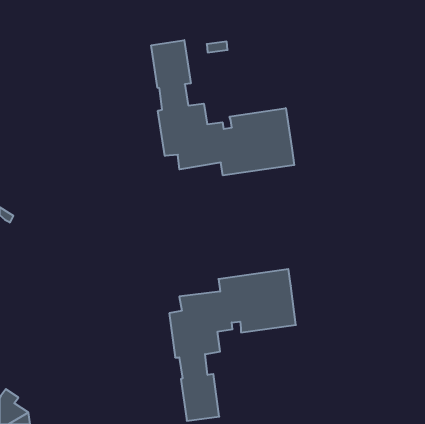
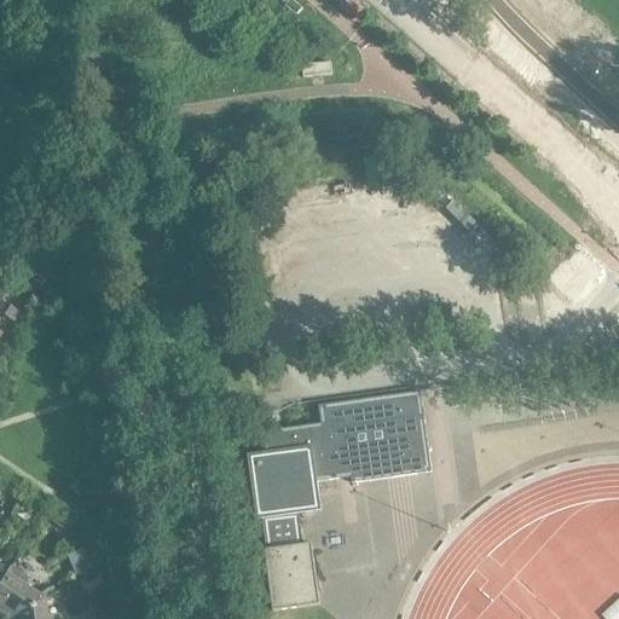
building: [151,40,294,175] -> none

